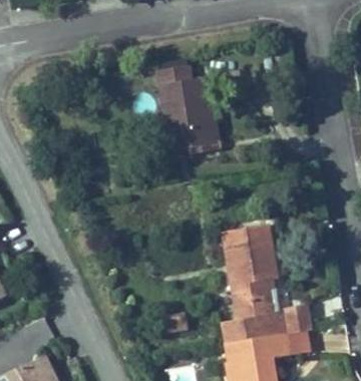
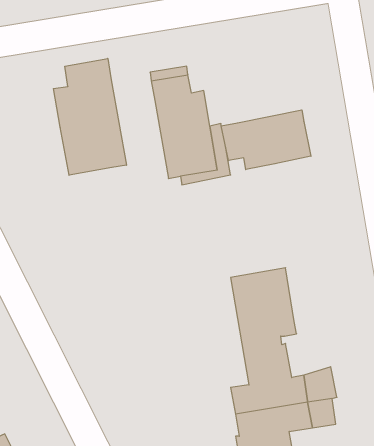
building: none -> [53,58,126,175]
building: none -> [221,110,311,170]

